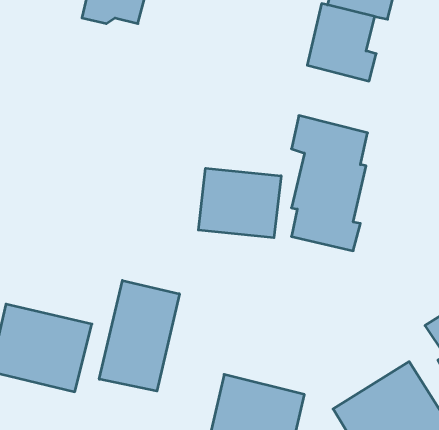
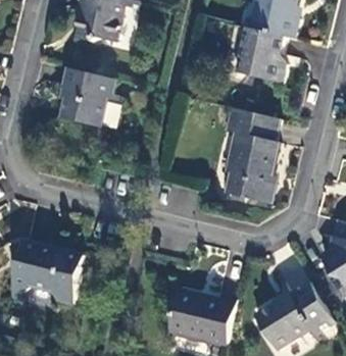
building: none -> [60,66,115,126]
building: [198,168,281,238] -> none
building: [99,280,179,391] -> none

